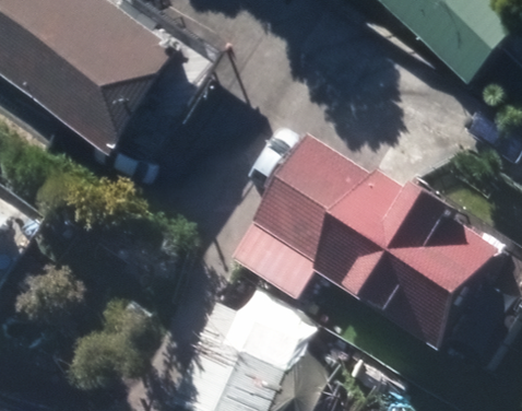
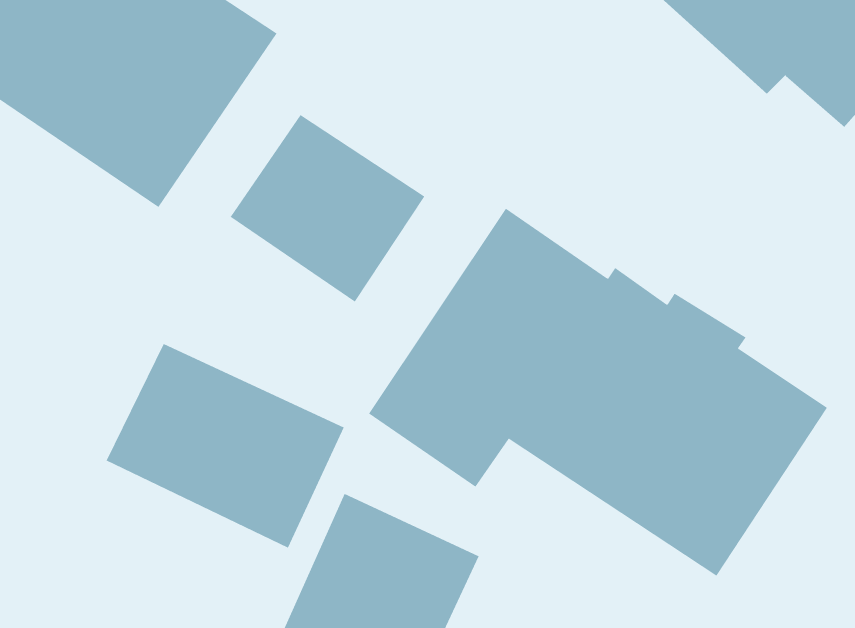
building: none -> [230,114,425,303]
building: none -> [106,343,345,549]

